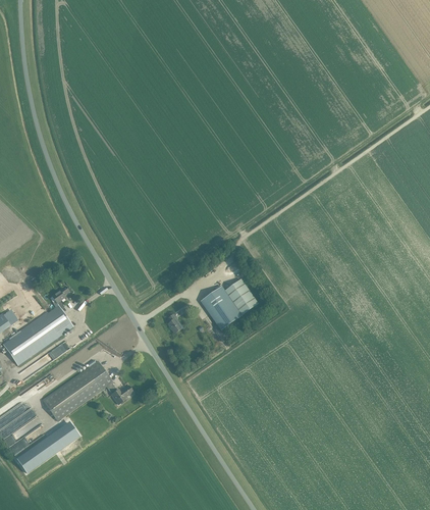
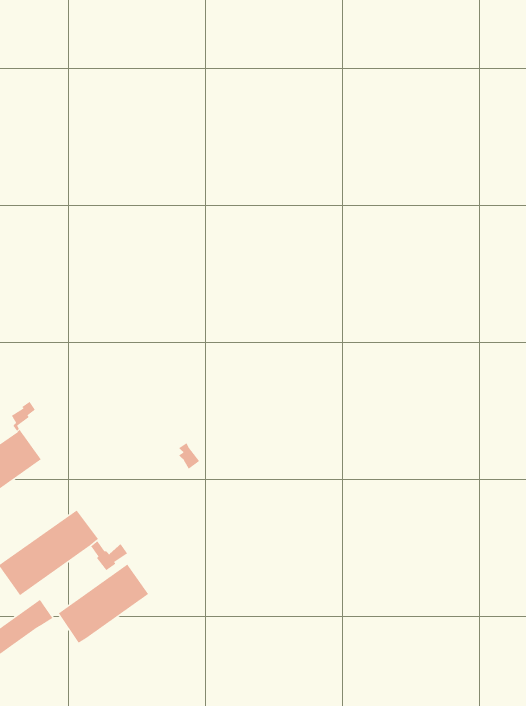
building: [201,277,258,328] -> none
building: none -> [58,563,149,644]

